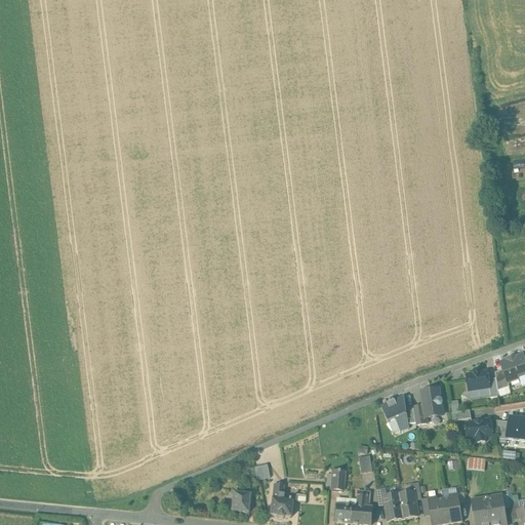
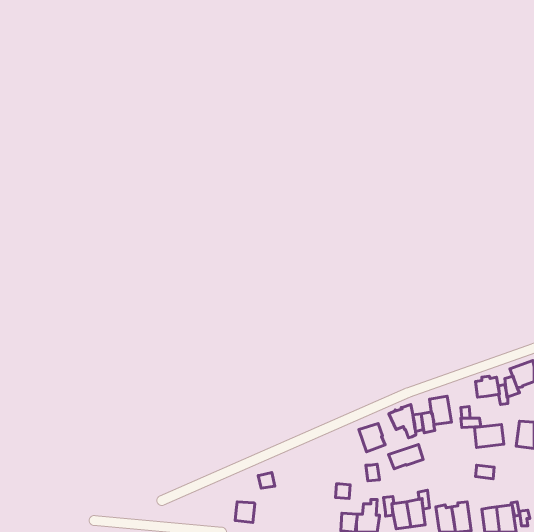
building: none -> [359,423,385,452]
building: none -> [389,444,423,469]
building: [270,484,291,518] -> none

